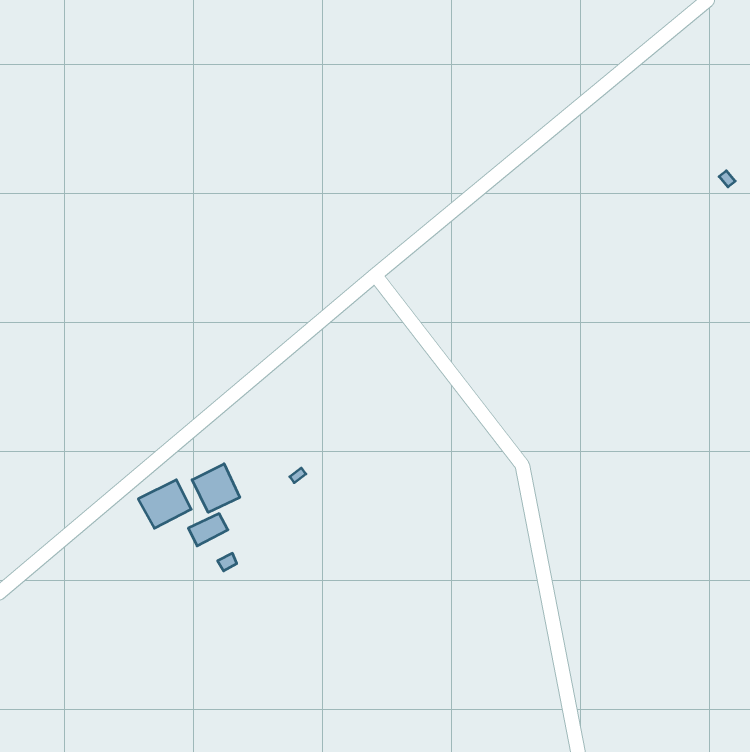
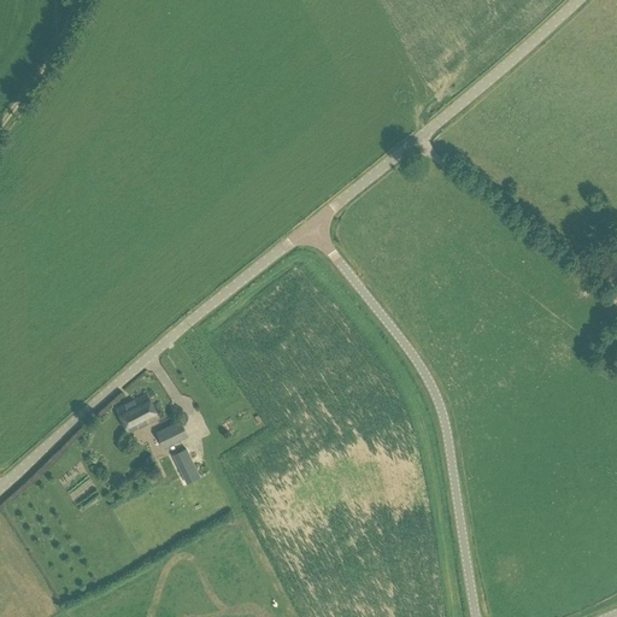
building: [192,464,240,512] -> none

